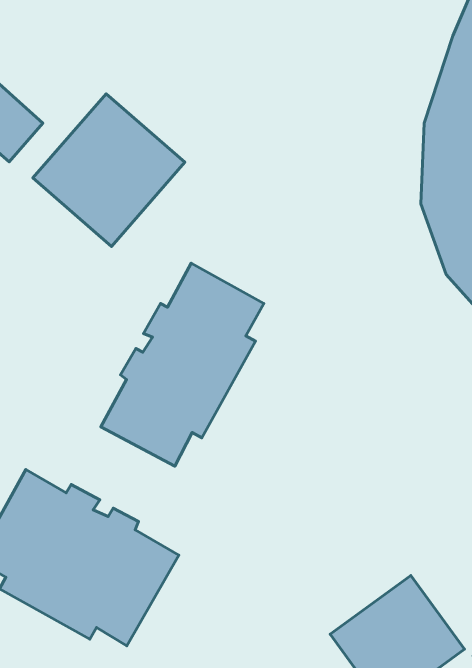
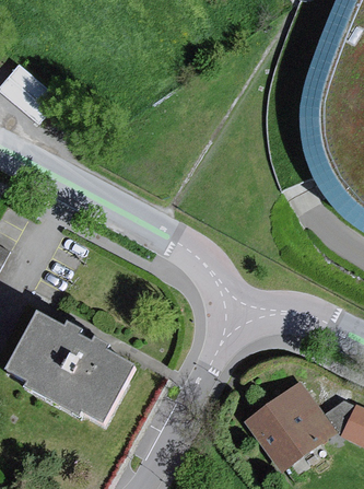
building: [33,94,185,246] -> none
building: [101,263,264,466] -> none

